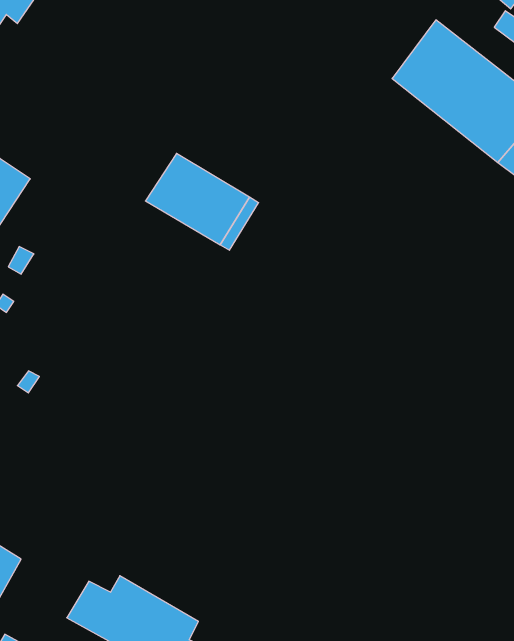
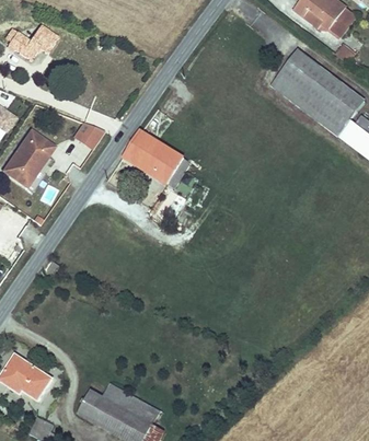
building: none -> [72,121,104,149]

